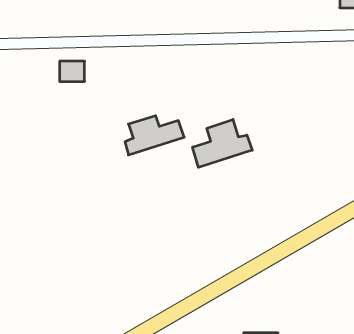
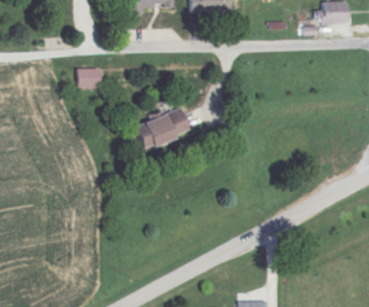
building: [193,119,252,167] -> none

